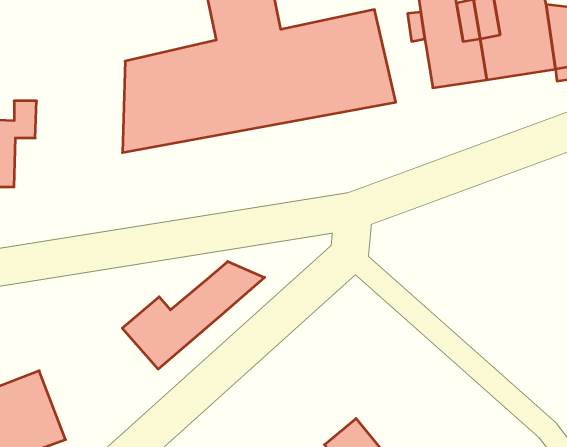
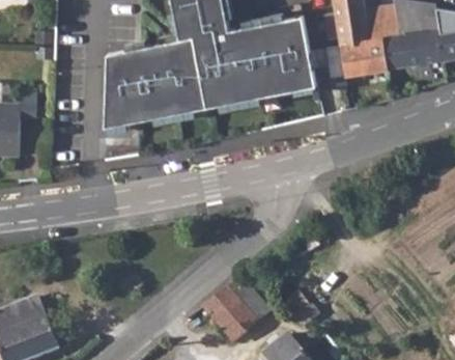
building: [122,261,265,369] -> none
building: none -> [201,277,268,343]

